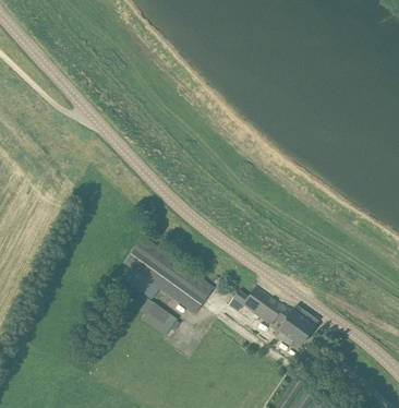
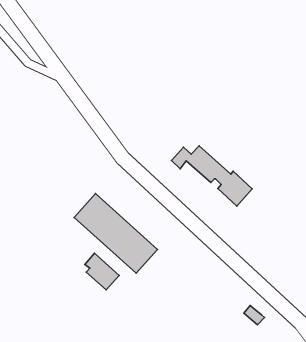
building: [228,288,315,347] -> [171,146,252,206]

